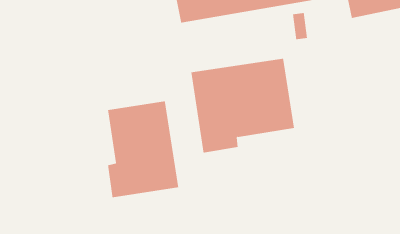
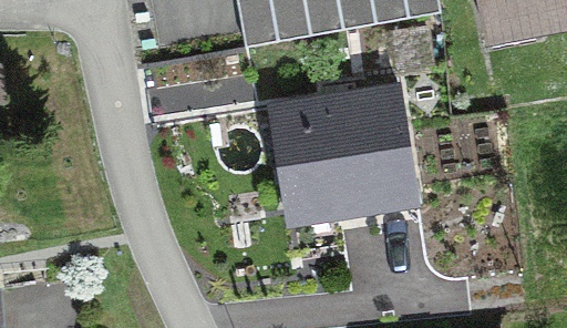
building: [107,101,179,198] -> none

